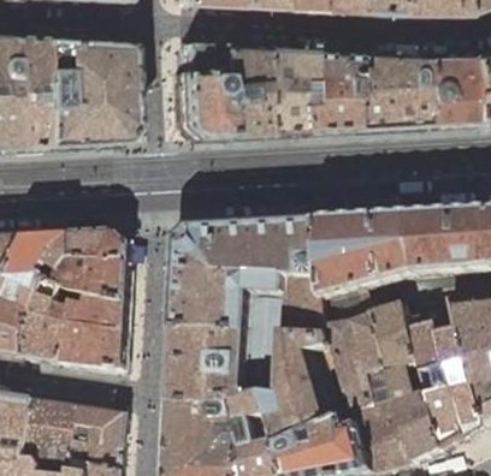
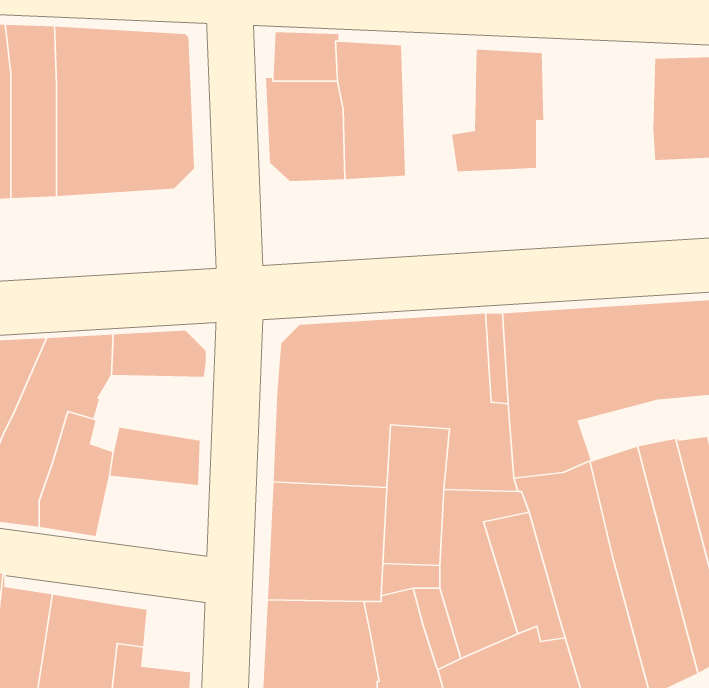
building: [256,50,303,133] -> none
building: [342,55,416,129] -> none
building: [64,260,131,301] -> none
building: [63,323,128,370] -> none
building: [91,407,126,447] -> none

